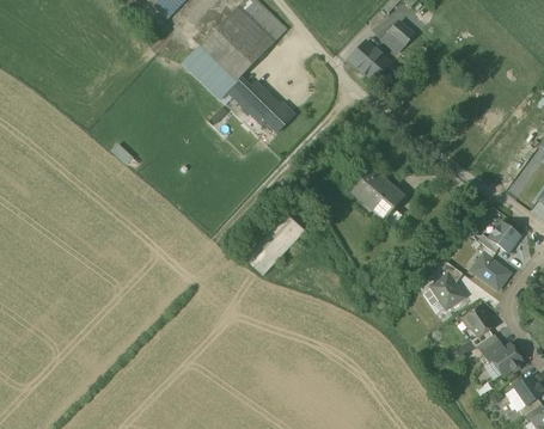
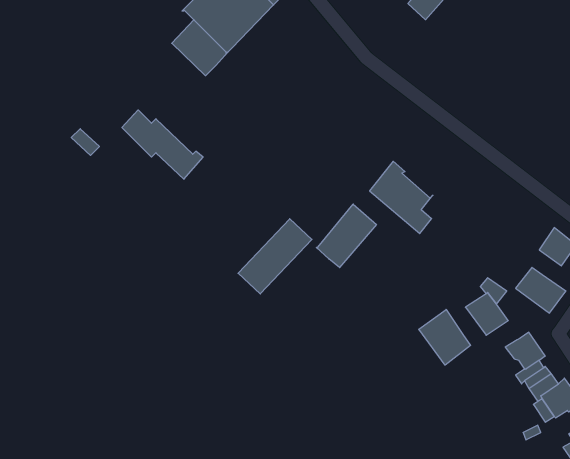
building: [350,41,389,79] -> none
building: [227,74,293,130] -> [122,110,203,179]
building: none -> [316,204,376,268]
building: none -> [419,309,471,365]

